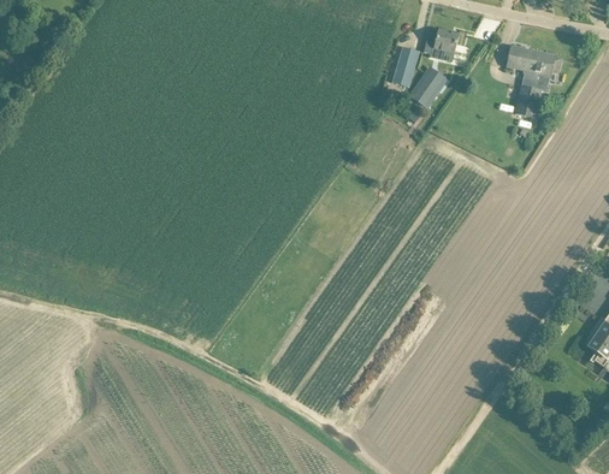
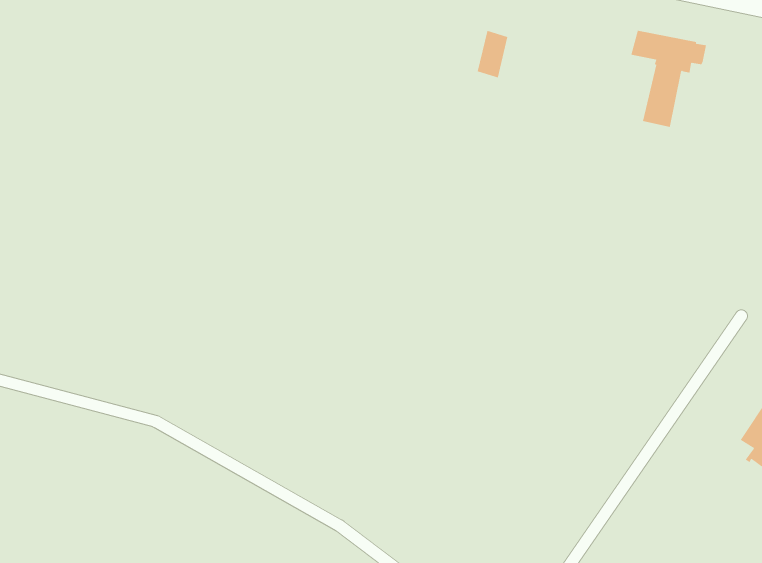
building: [424,29,459,60] -> none
building: [406,66,448,112] -> none

